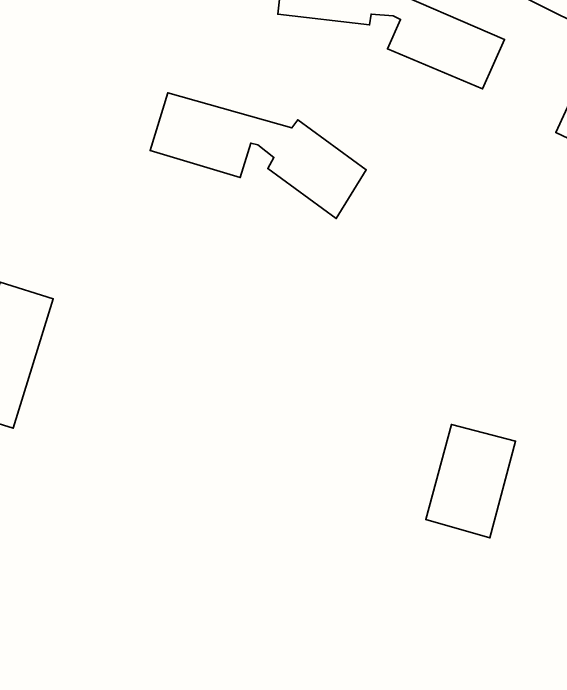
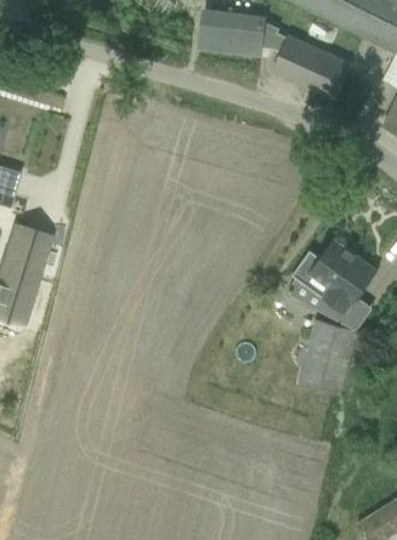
building: [150,93,366,219] -> none
building: none -> [293,238,375,318]

